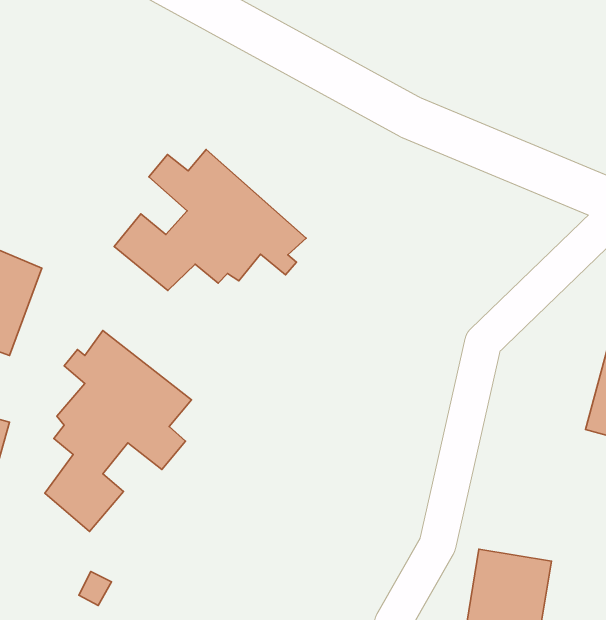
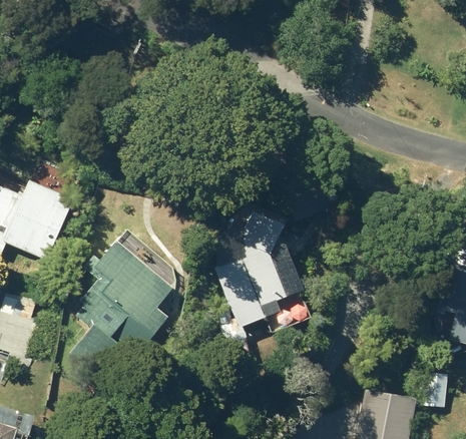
building: [114,150,306,291] -> none
building: none -> [217,212,288,326]

